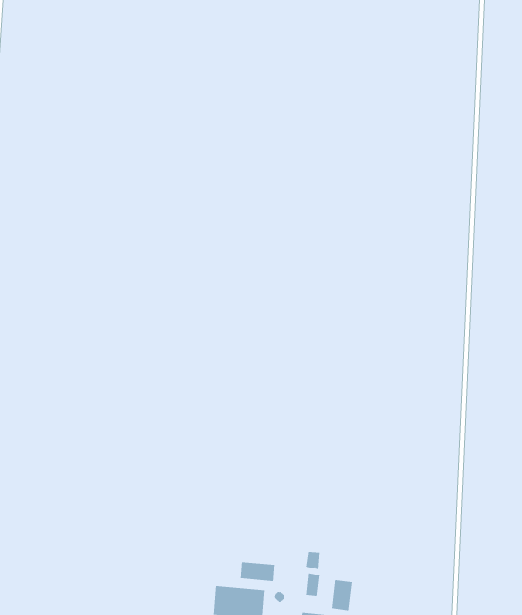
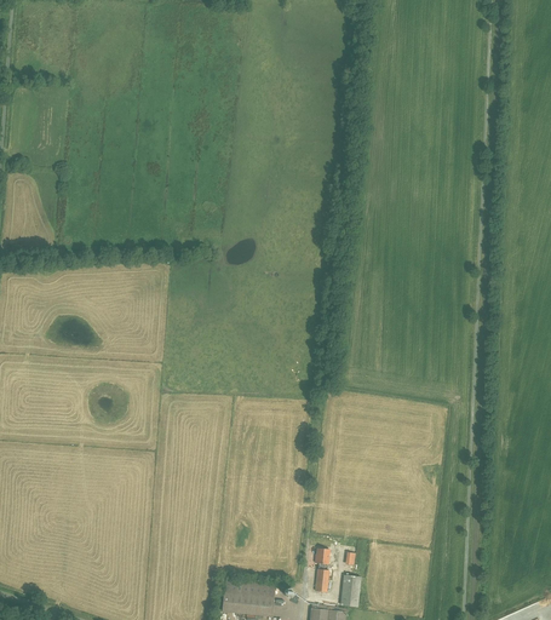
building: [240,561,275,582] -> none

